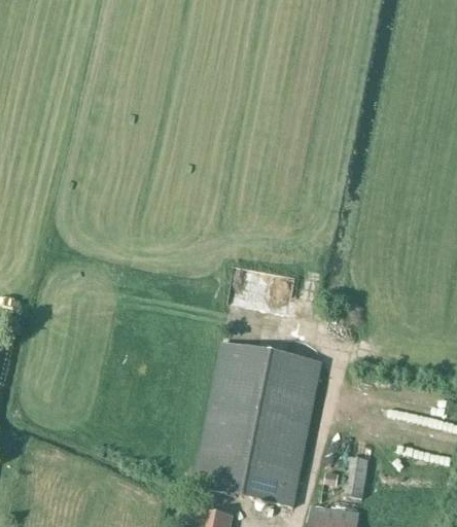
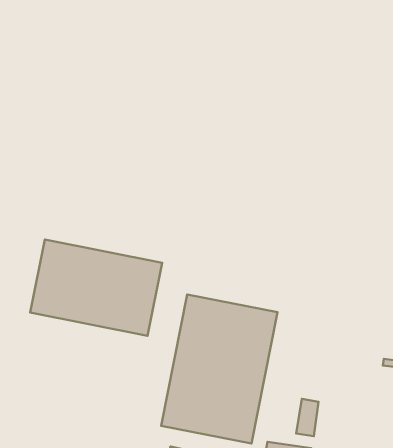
building: none -> [30,240,162,336]

